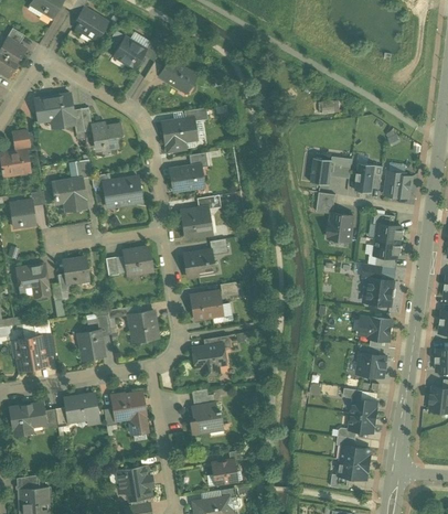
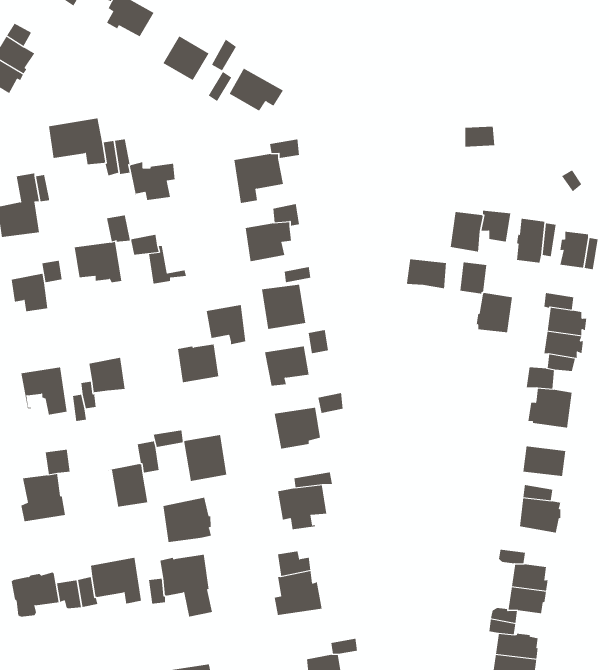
building: [114,176,141,204] -> [206,305,246,345]
building: none -> [406,258,446,289]
building: none -> [163,497,212,543]

